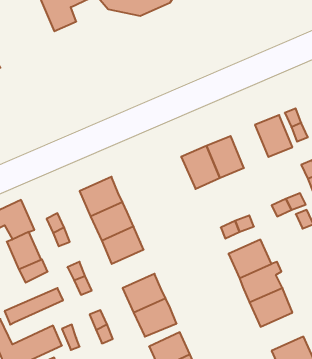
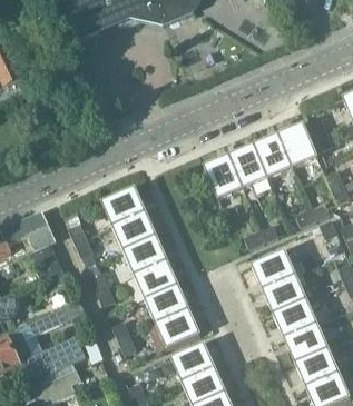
building: none -> [254,135,292,178]
building: none -> [134,260,177,299]
building: none -> [284,324,327,363]

